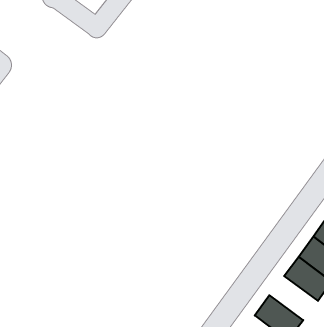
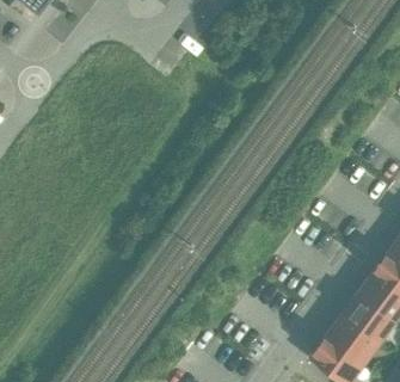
building: none -> [327,314,379,361]

